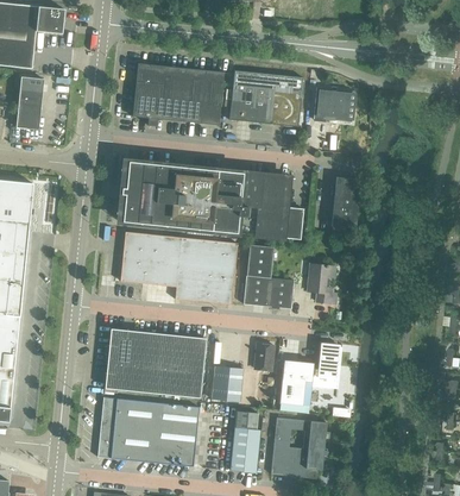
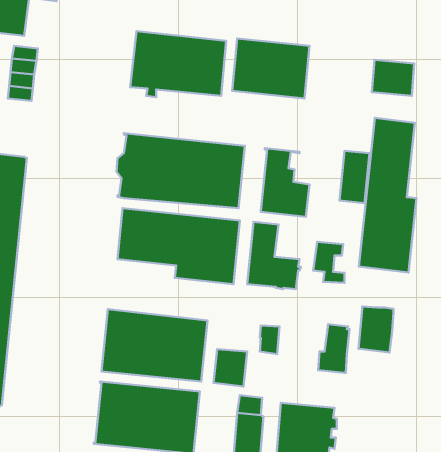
building: [314,88,354,123] -> [372,60,414,96]
building: none -> [359,118,416,273]
building: [235,172,263,234] -> none
building: [279,363,313,407] -> [358,306,393,352]

